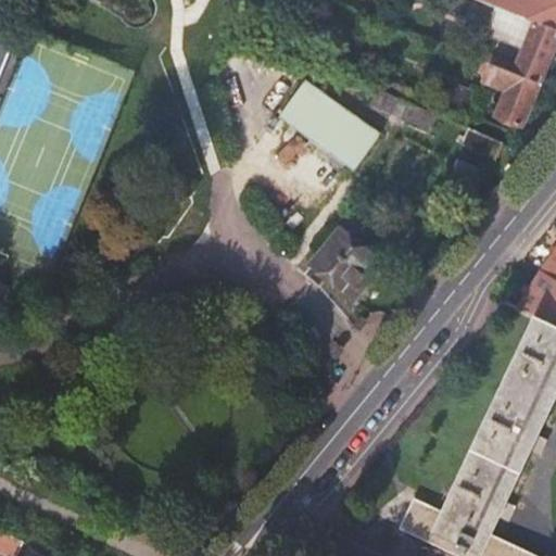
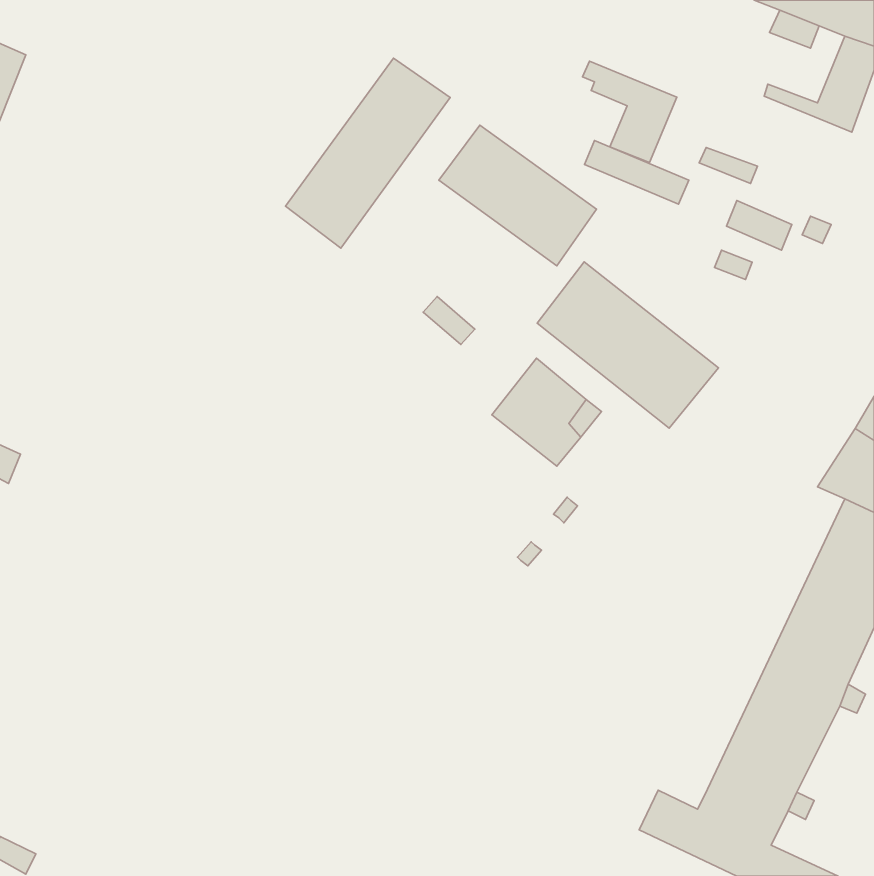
building: none -> [286,58,450,248]
building: [480,61,540,125] -> [583,61,677,162]
building: none -> [537,262,719,428]

